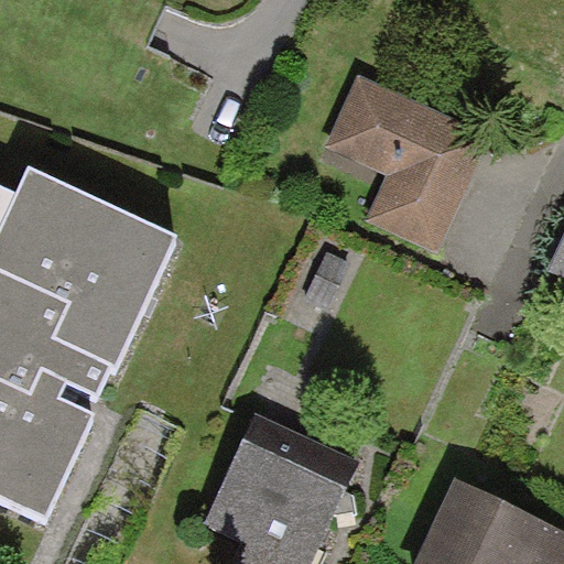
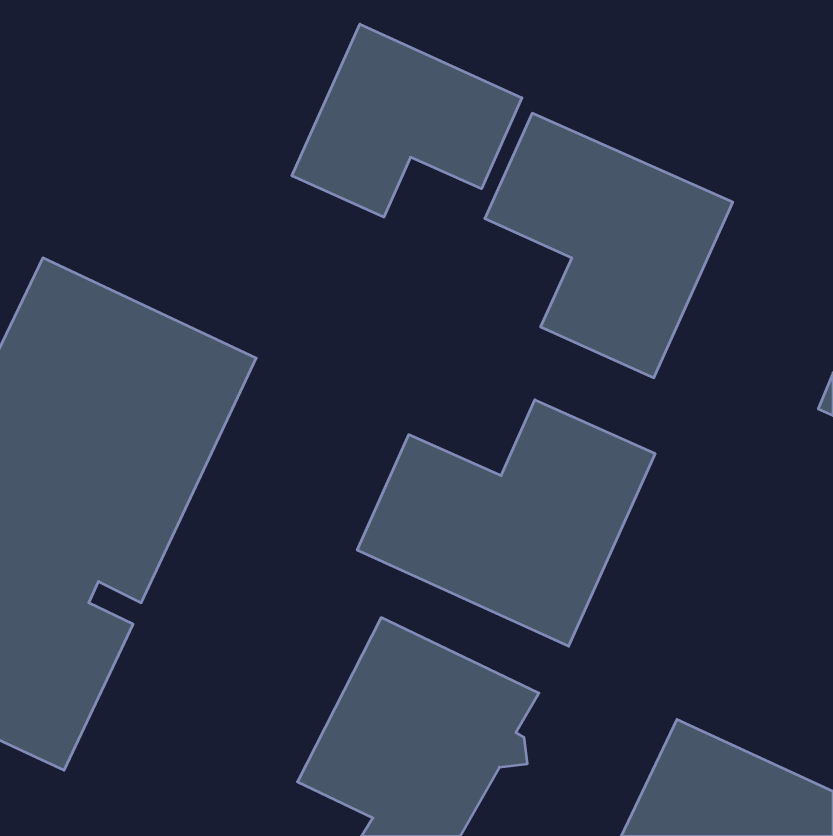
building: none -> [292,24,522,217]
building: none -> [357,400,655,646]

